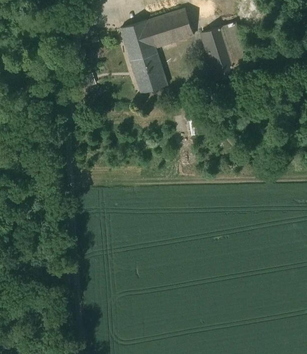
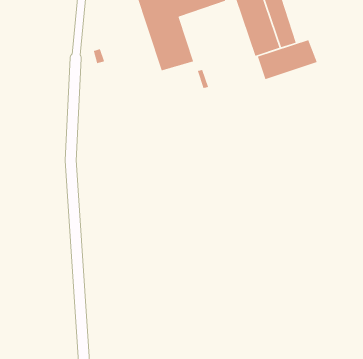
building: none -> [257,39,318,80]

